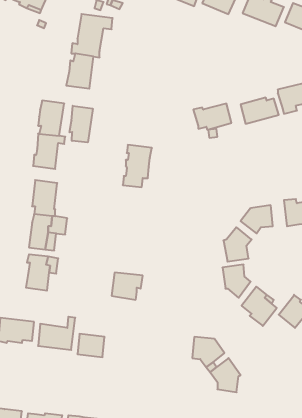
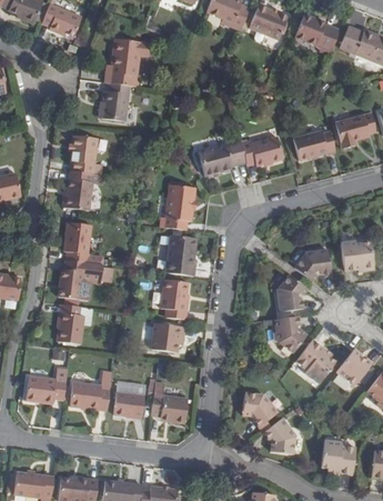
building: [70,106,93,142] -> none
building: none -> [199,141,246,176]
building: none -> [158,232,187,274]
building: none -> [161,279,189,320]
building: none -> [151,385,189,422]
building: none -> [319,440,354,474]

